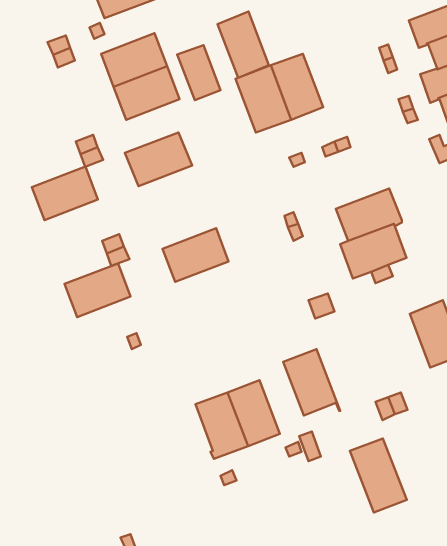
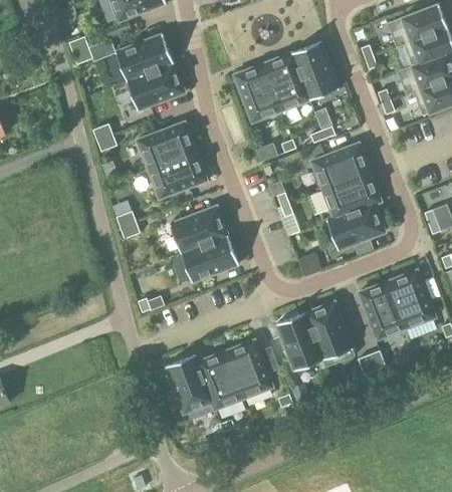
building: [218,12,269,78] -> [293,41,338,99]
building: [177,45,221,100] -> none
building: none -> [311,143,370,189]
building: [32,167,98,220] -> [149,151,207,198]
building: [65,263,131,317] -> [181,235,239,282]
building: none -> [359,281,406,339]
building: none -> [166,354,214,413]
building: [350,438,407,513] -> [305,301,356,366]

